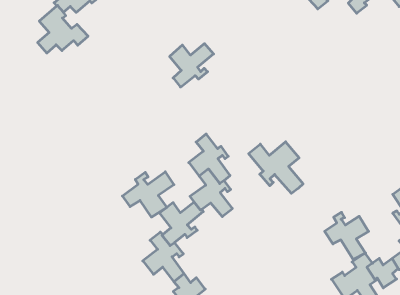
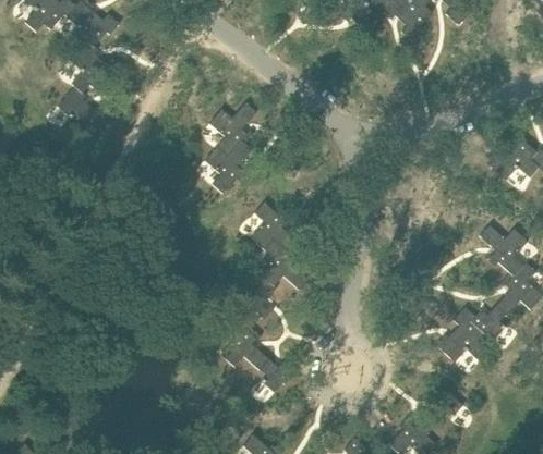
building: none -> [205,140,253,195]
building: [249,142,303,193] -> none
building: [122,172,174,217] -> none
building: [325,212,369,259] -> none

